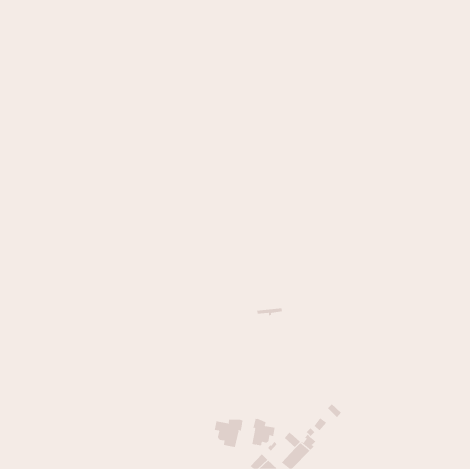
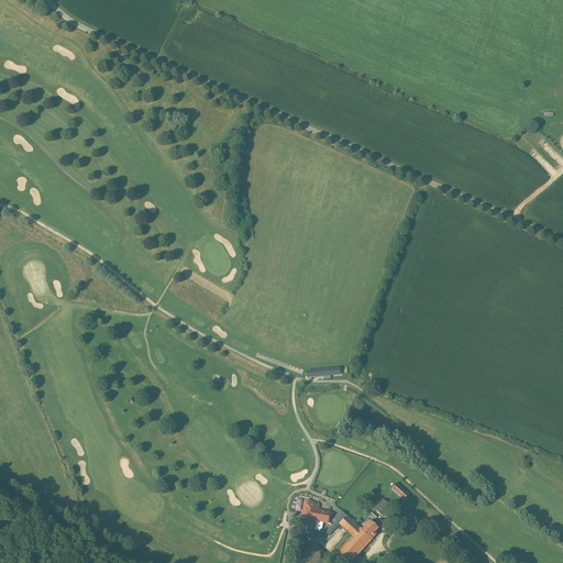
building: [214,419,243,448] -> none

